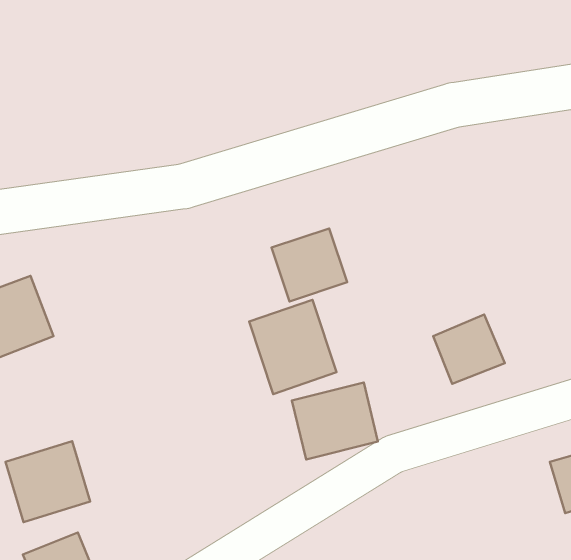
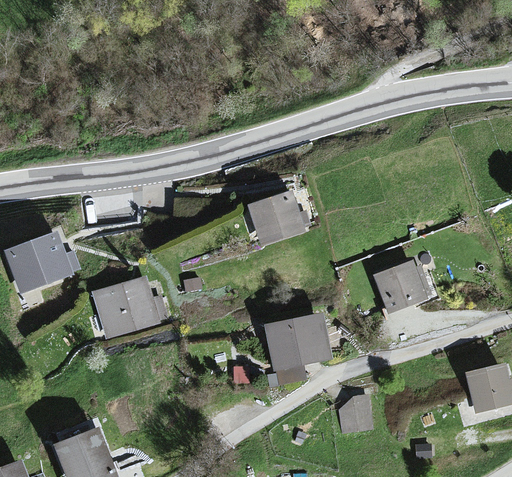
building: [249,300,337,394] -> none
building: [6,441,90,522] -> [93,276,159,339]
building: none -> [340,394,375,431]

